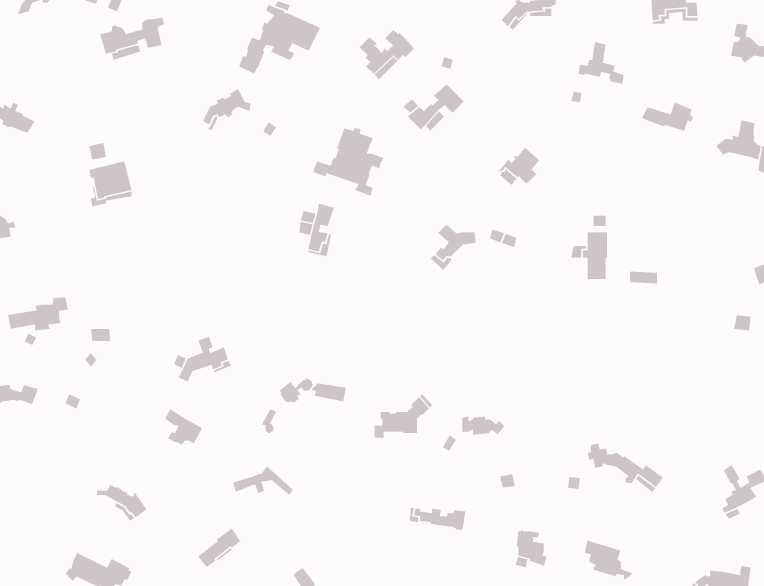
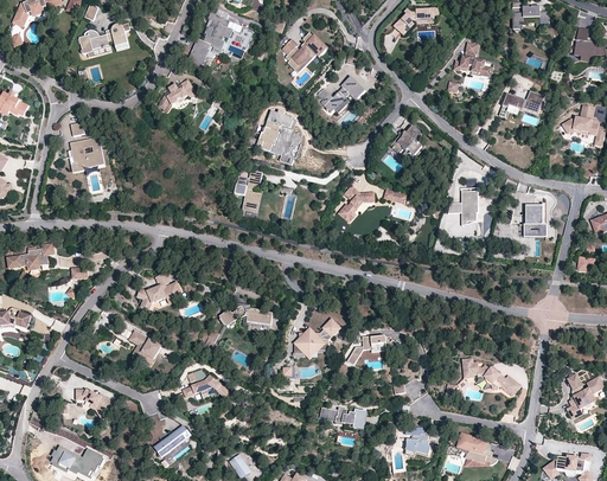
building: none -> [524,204,545,232]

